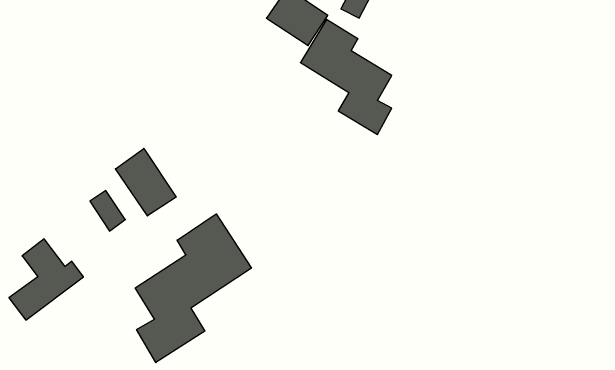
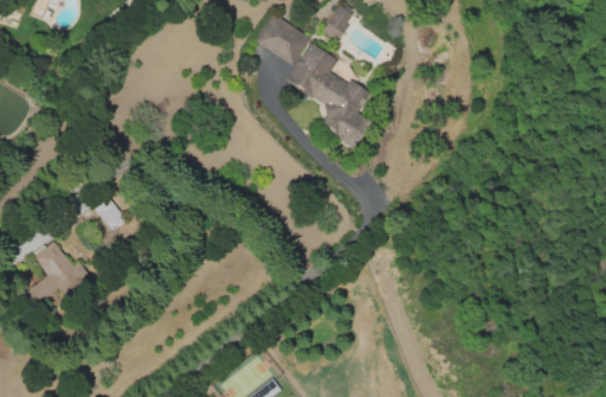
building: [115,148,176,216] -> none
building: [135,214,251,363] -> none

